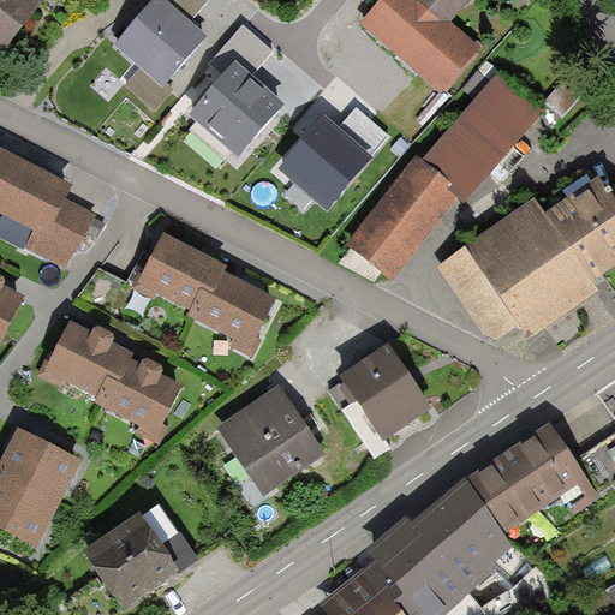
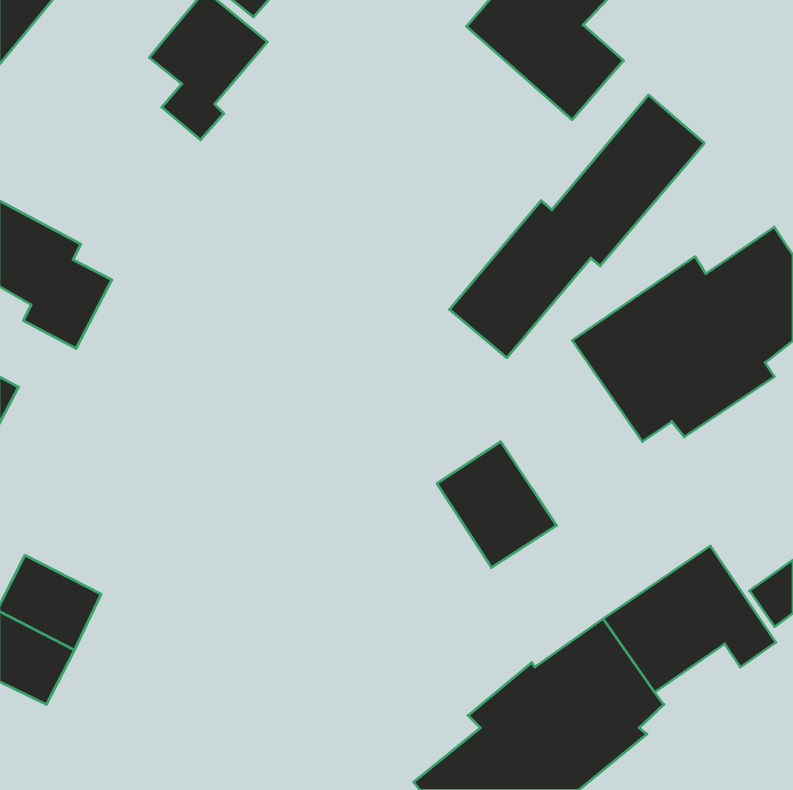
building: [185,23,285,159] -> none
building: [276,106,389,208] -> none
building: [130,233,274,353] -> none
building: [44,329,168,431] -> none
building: [217,386,326,495] -> none
building: [85,512,195,604] -> none

